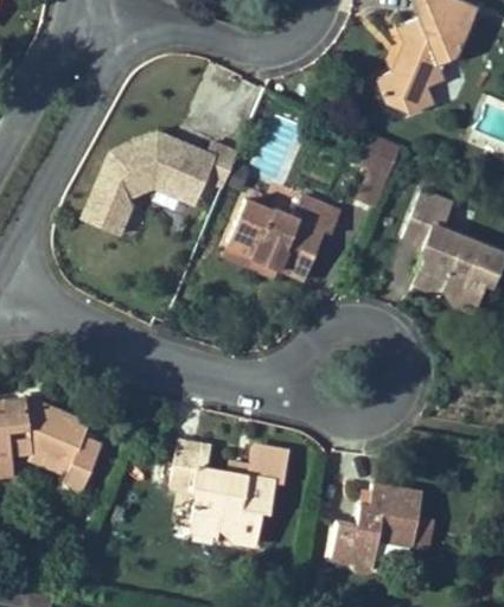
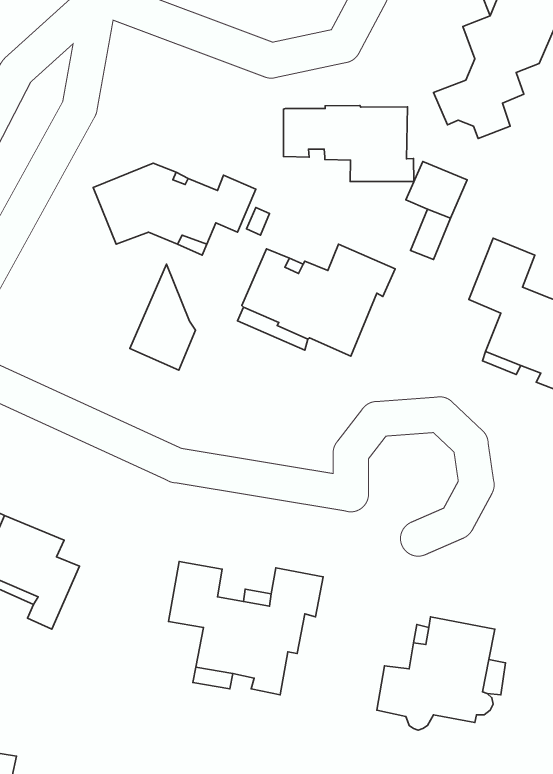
building: none -> [283,106,414,182]
building: [83,152,134,234] -> [130,264,196,370]

